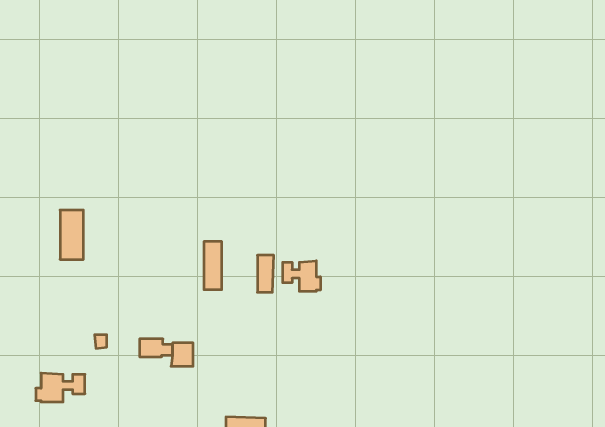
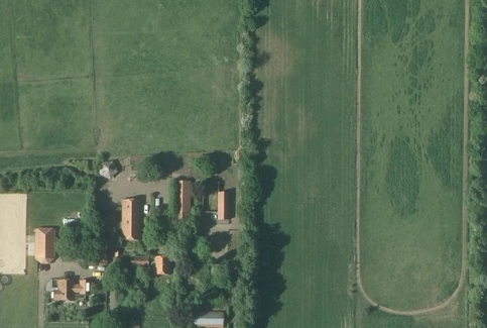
building: [60,210,83,259] -> [123,201,140,237]
building: [283,261,320,291] -> none
building: none -> [36,229,54,257]

